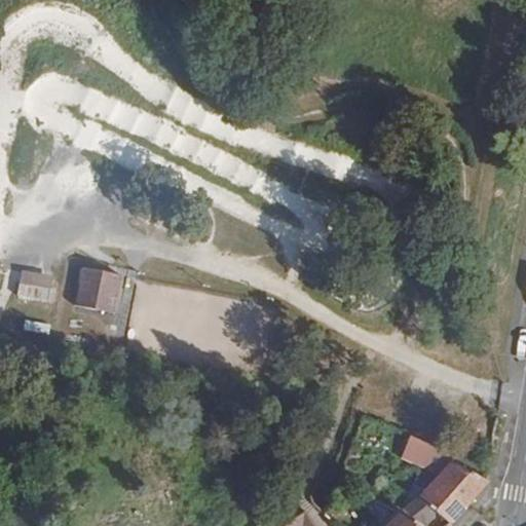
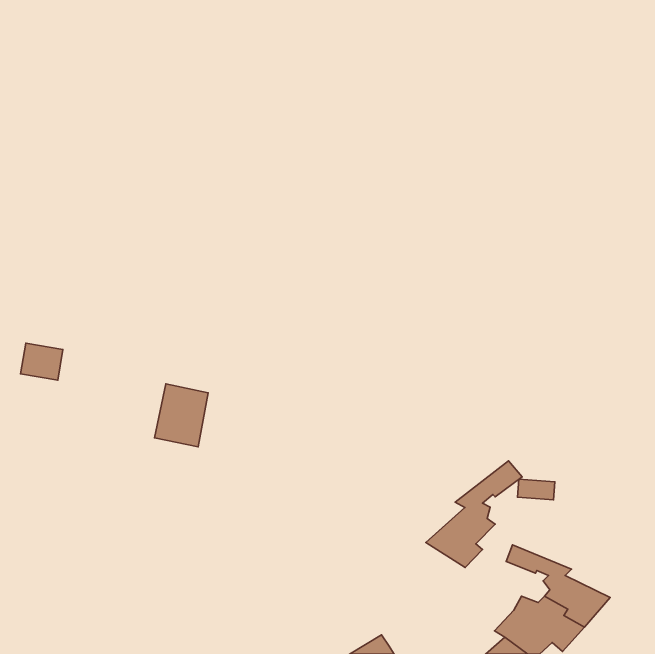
building: [75,270,118,321] -> [154,384,208,447]
building: none -> [426,461,522,567]

